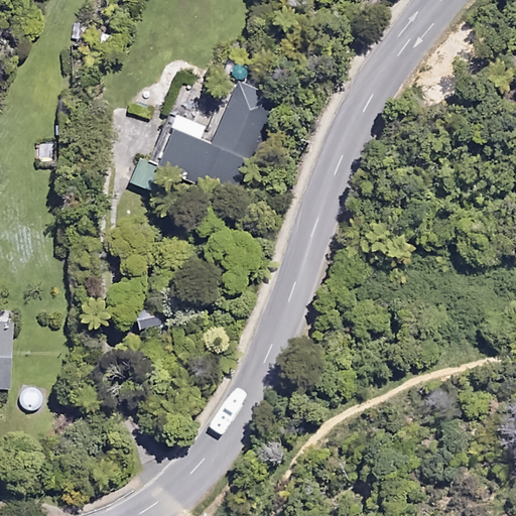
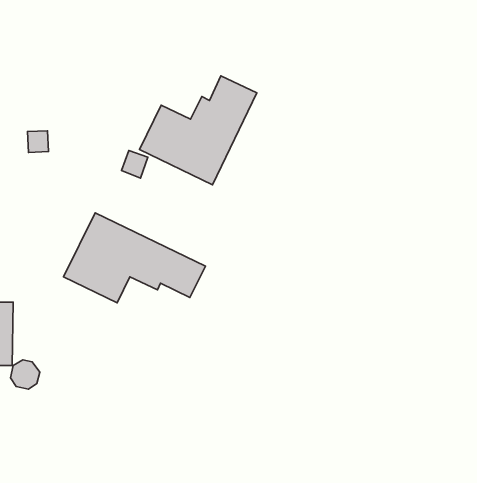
building: none -> [64,213,205,303]

